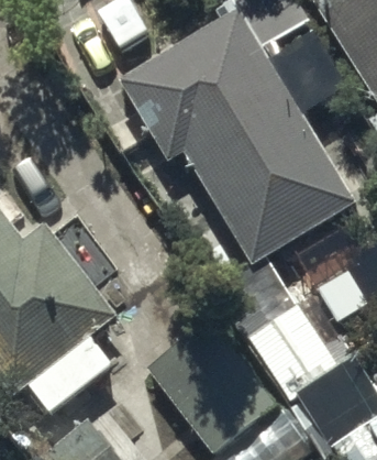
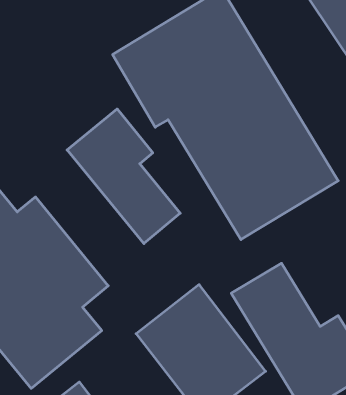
building: none -> [67,109,180,244]

